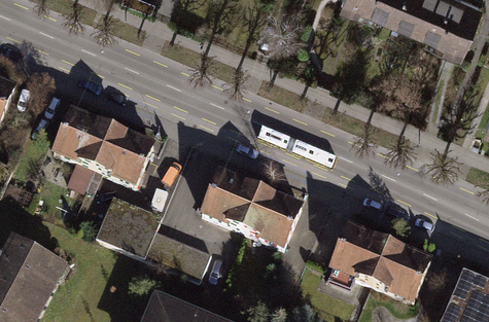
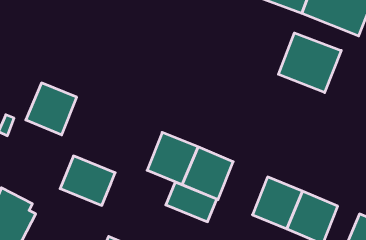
building: none -> [278,33,341,93]
building: [94,130,156,193] -> none
building: [143,235,206,283] -> [166,182,217,222]

